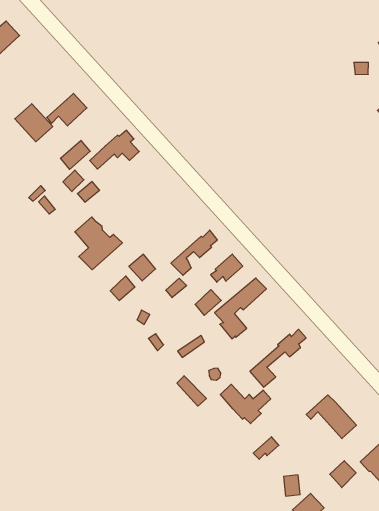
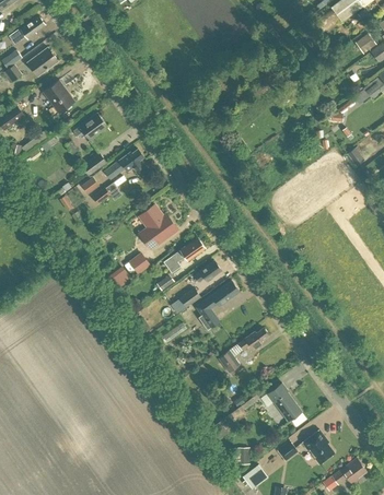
building: [15,104,53,142] -> [44,81,74,113]
building: [75,217,122,270] -> [139,204,177,248]
building: [220,384,271,424] -> none

